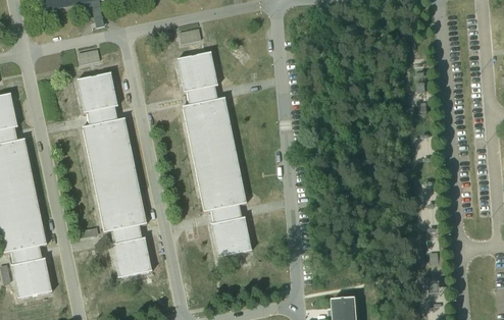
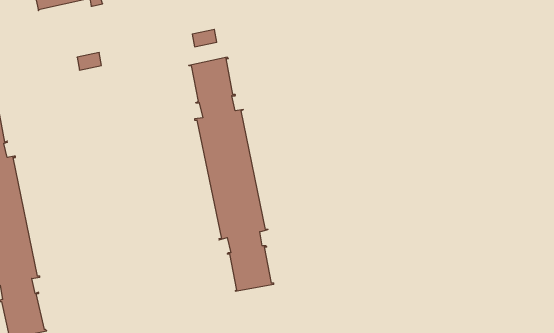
building: [77,72,152,278] -> none

